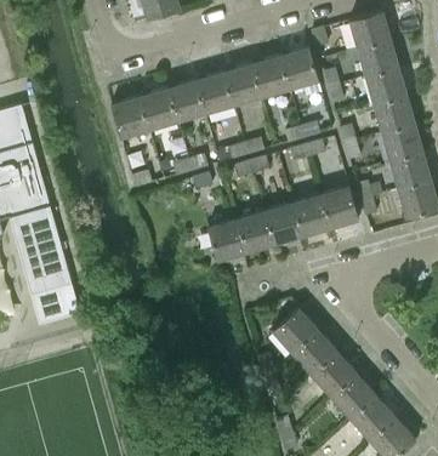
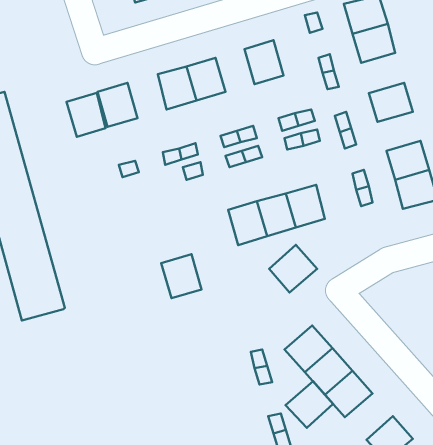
building: [280,47,318,89] -> none
building: [224,63,262,104] -> none
building: [365,67,406,106] -> none
building: [140,87,177,130] -> [67,93,106,137]
building: [381,124,422,161] -> none
building: [322,186,358,227] -> none
building: [207,218,246,261] -> [161,254,202,298]
building: [272,307,318,353] -> [269,245,317,293]
building: [349,395,396,440] -> [285,381,333,428]

